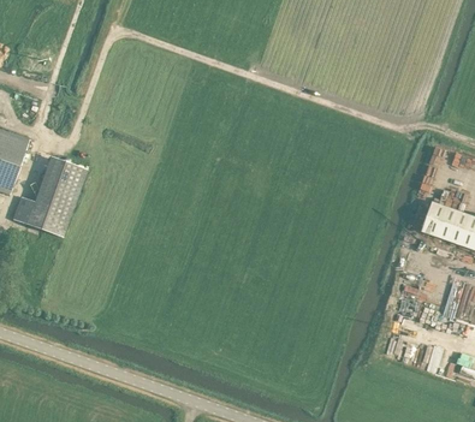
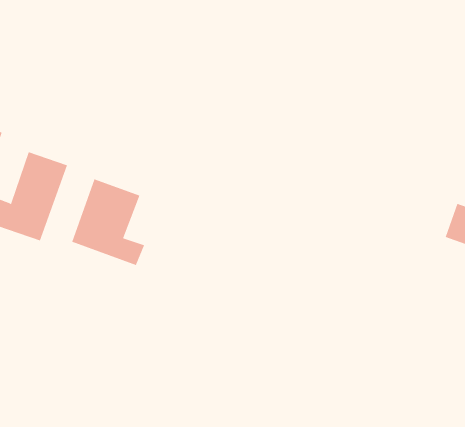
building: none -> [71,178,145,266]

